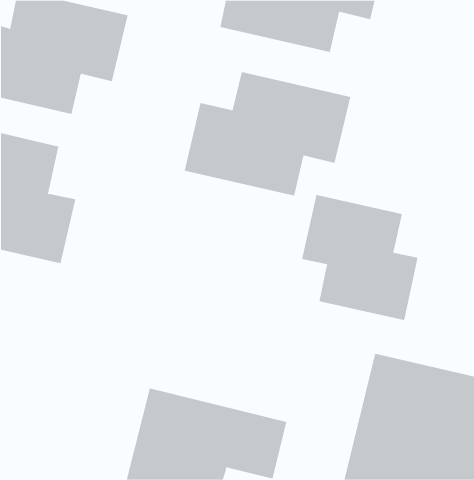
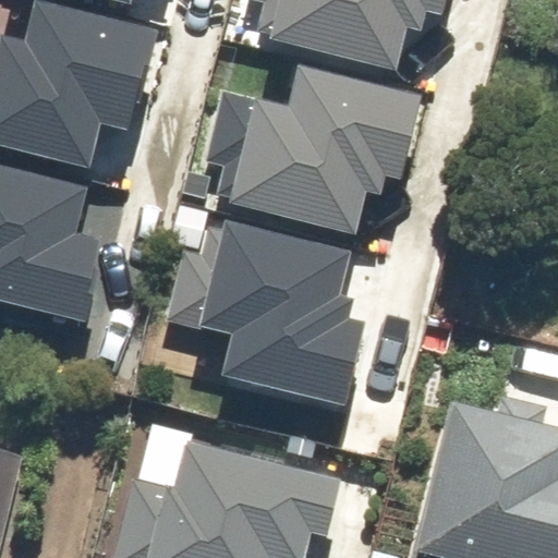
building: [302,194,418,321] -> none
building: none -> [172,232,365,401]

